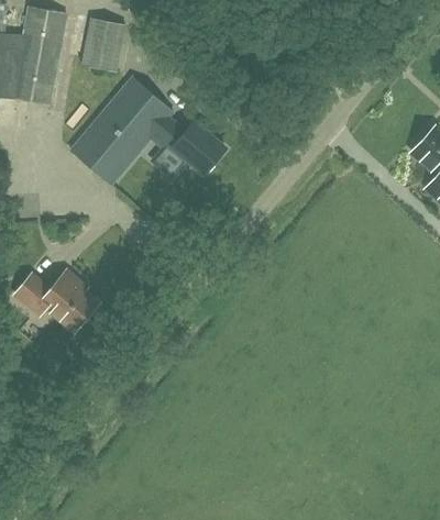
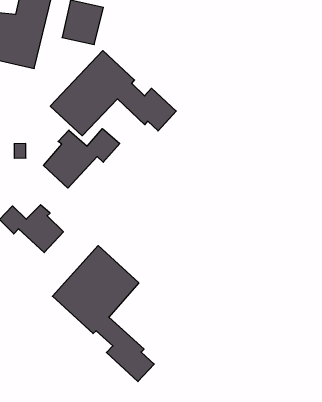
building: none -> [43,129,120,188]
building: none -> [52,246,154,382]

